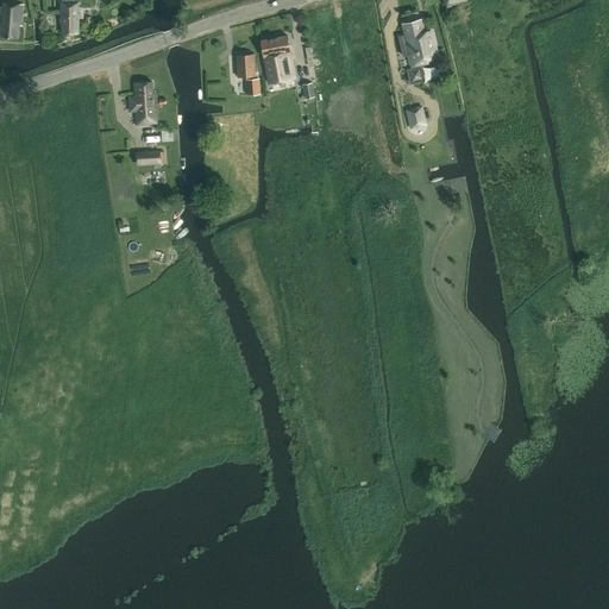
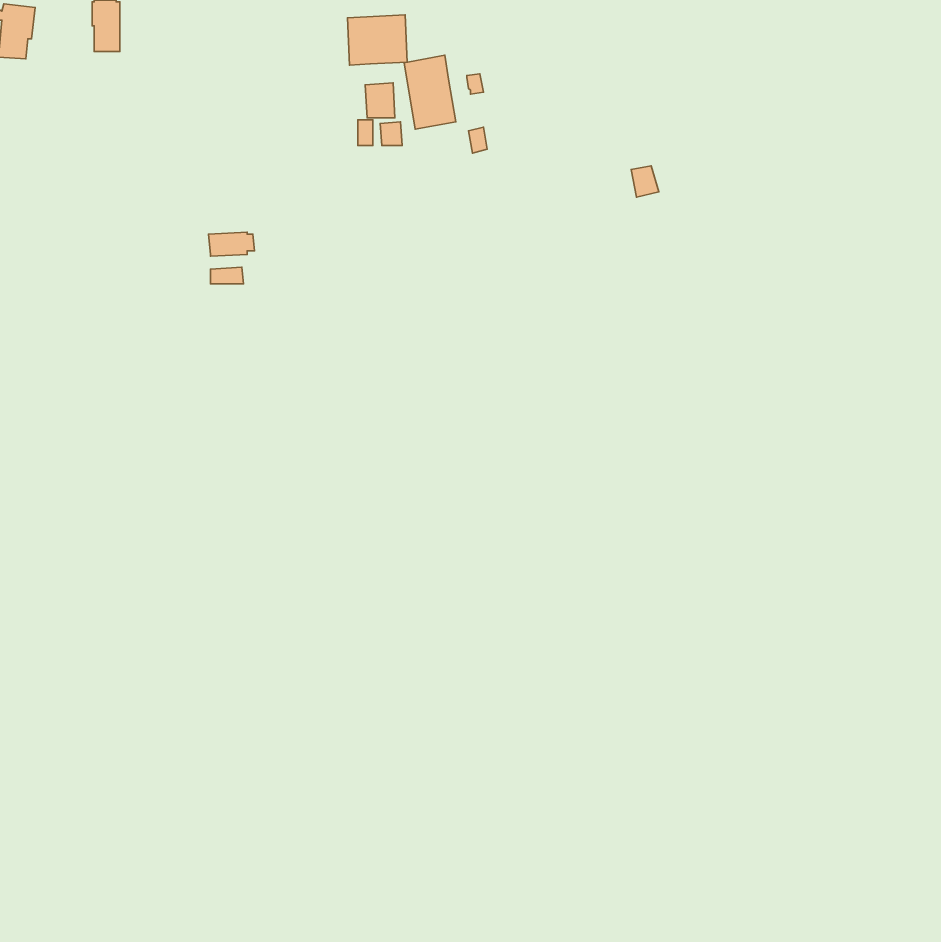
building: none -> [347,15,407,65]
building: [402,19,435,79] -> none
building: [128,82,157,125] -> none

